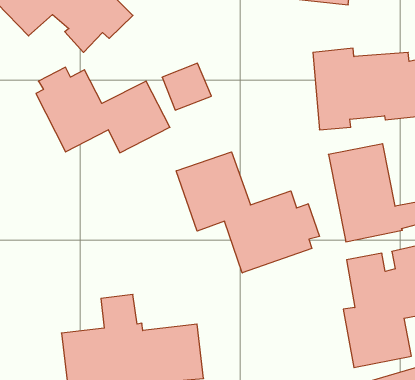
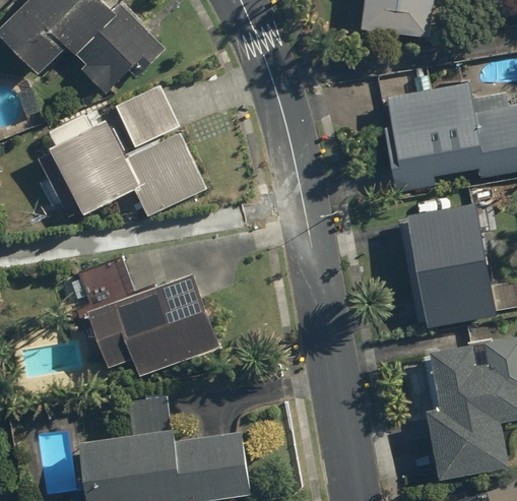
building: [162,63,211,110] -> [116,87,177,145]
building: [176,152,319,273] -> none
building: none -> [84,263,218,379]

